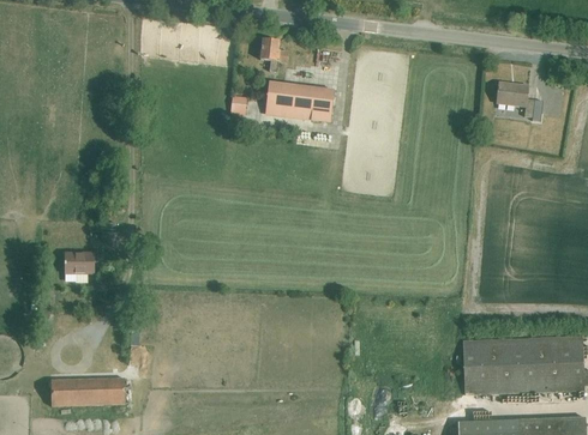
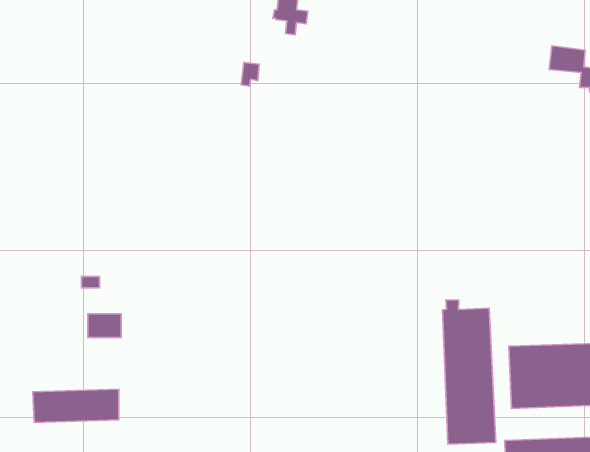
building: [265,80,334,121] -> none
building: [65,252,94,272] -> [88,314,121,338]
building: none -> [442,300,496,444]

